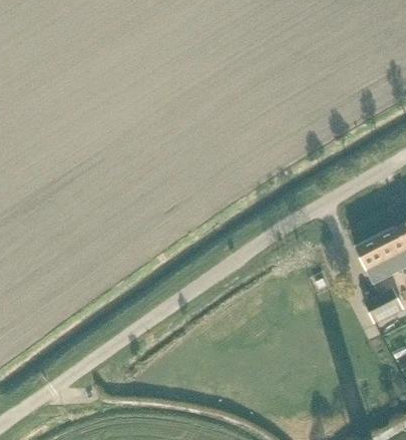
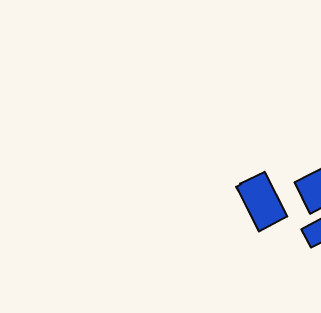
building: none -> [236,172,287,232]

